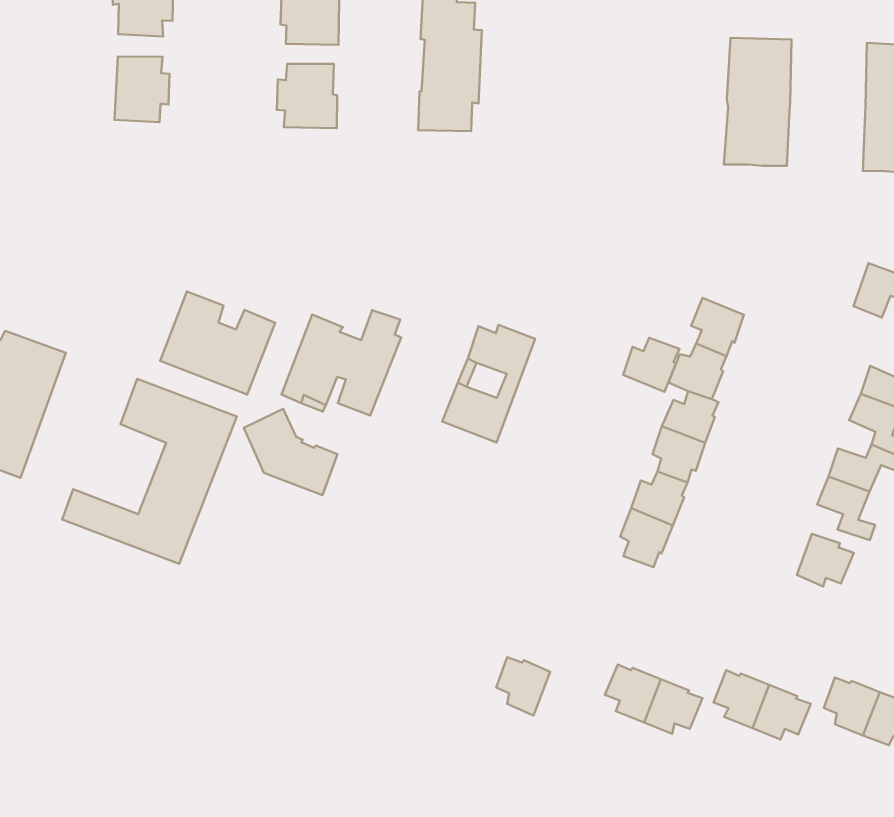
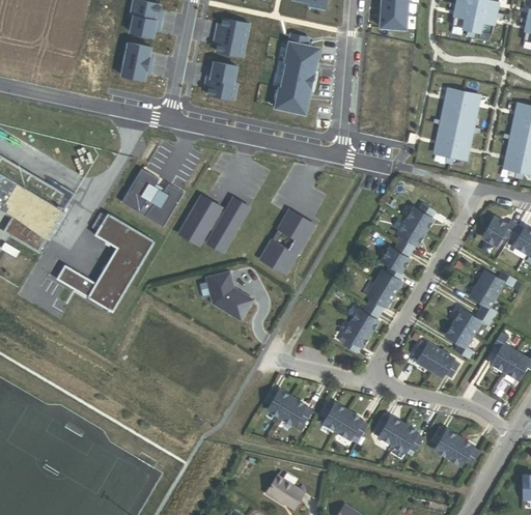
building: [623,338,679,392] -> [406,203,437,232]
building: [244,409,338,495] -> [208,274,254,321]
building: none -> [412,340,441,370]
building: none -> [282,398,315,426]

